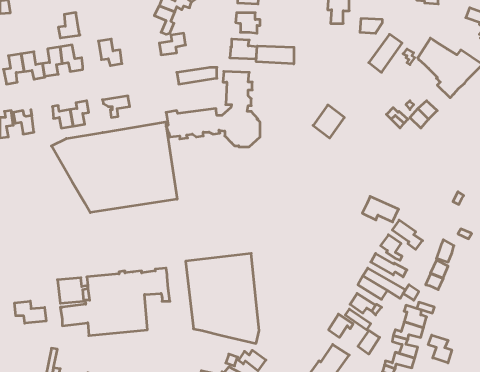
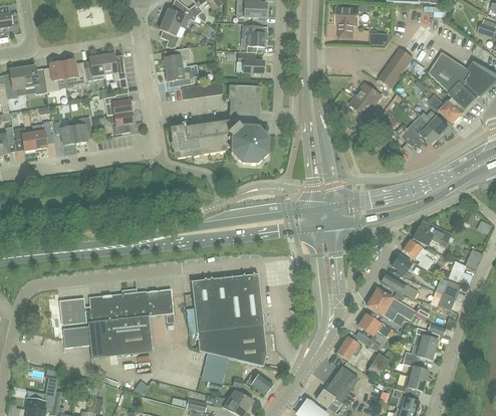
building: [58,13,80,38] -> [83,54,105,80]
building: [256,46,294,64] -> none
building: none -> [166,65,194,84]
building: none -> [428,93,462,122]
building: none -> [104,94,132,115]
building: none -> [32,120,51,148]
building: [313,105,344,138] -> [349,81,382,116]
building: [51,122,177,213] -> none
building: [362,196,399,222] -> [414,219,451,245]
building: [15,301,46,323] -> none
building: none -> [202,352,228,383]
building: [428,335,452,363] -> none

